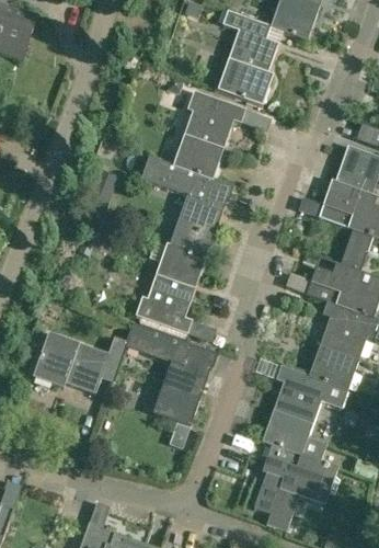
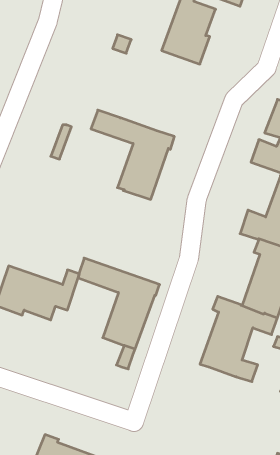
building: [172,92,243,180] -> none
building: [135,242,206,332] -> none
building: [252,444,337,532] -> none

